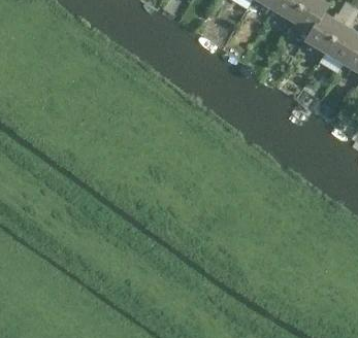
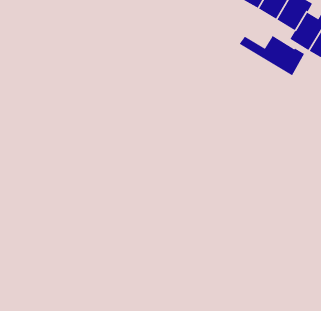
building: none -> [239,35,305,76]

